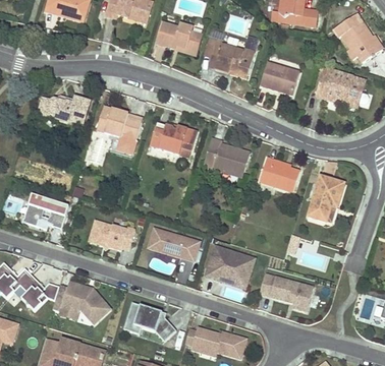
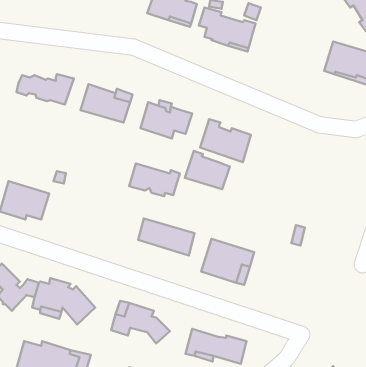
building: [260,63,298,96] -> none
building: [259,157,299,191] -> [185,151,230,189]
building: [308,175,343,221] -> none
building: [89,221,134,250] -> [129,163,180,196]
building: [259,273,313,310] -> none

